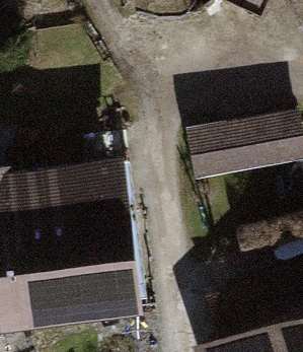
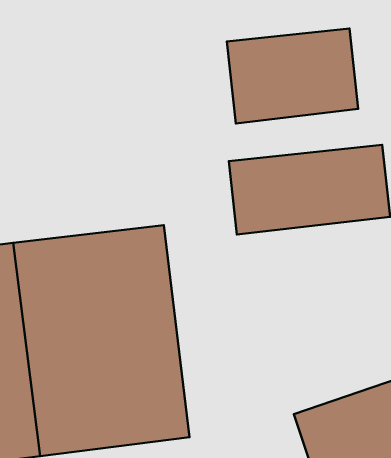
building: none -> [227,28,358,123]

